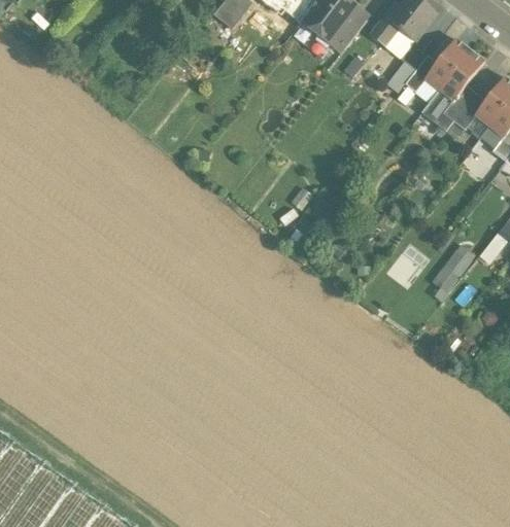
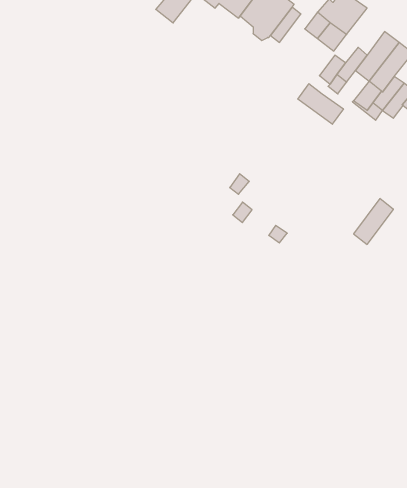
building: none -> [298,84,343,124]
building: [431,246,473,294] -> [354,199,393,244]

